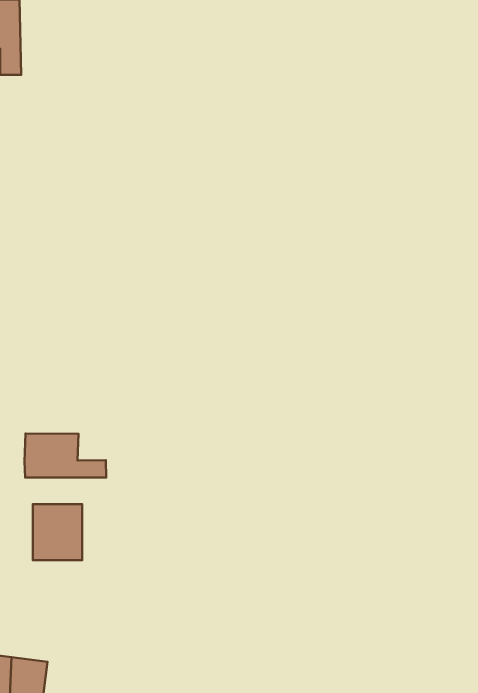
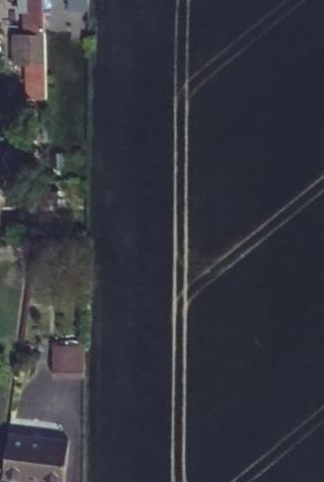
building: [25,433,106,478] -> none

